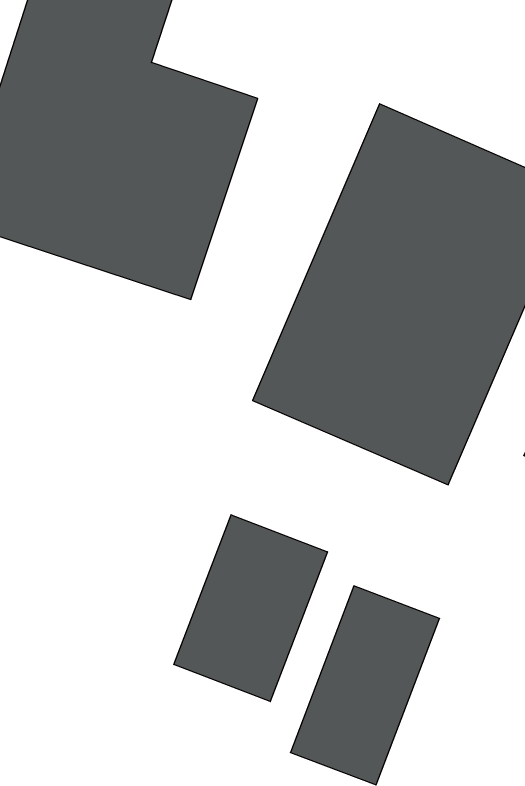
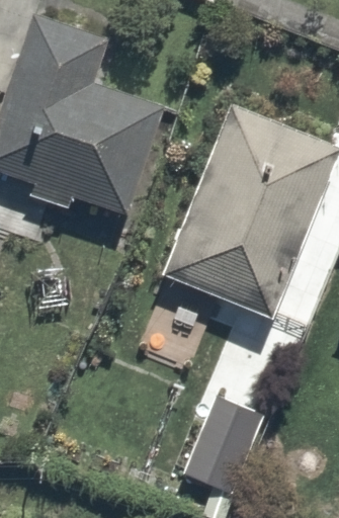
building: [174,515,327,702] -> none

